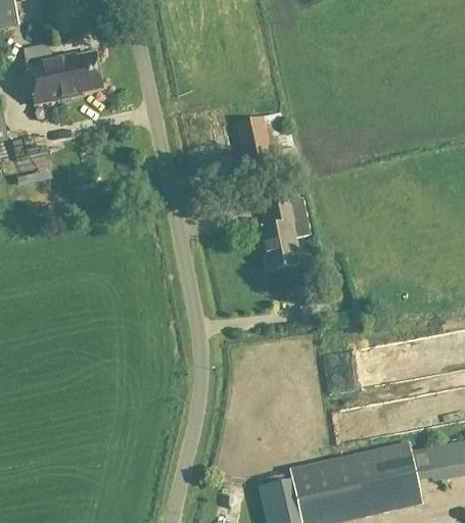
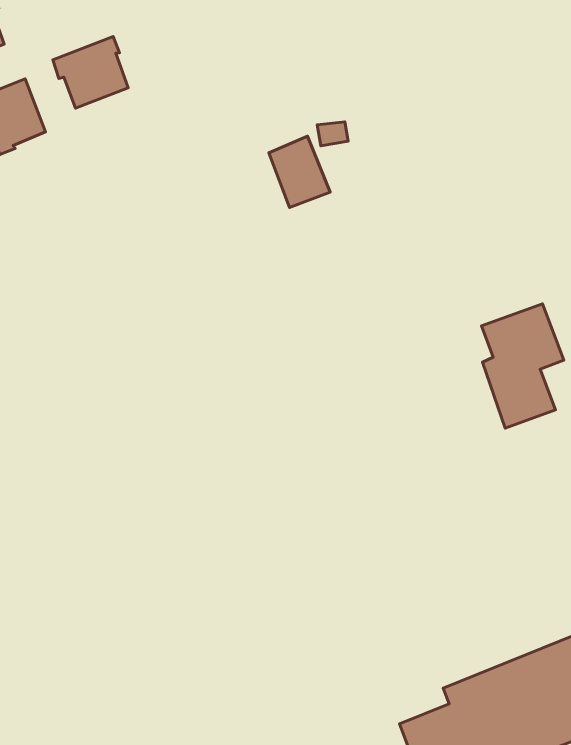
building: none -> [53,37,128,108]
building: [259,196,309,269] -> [481,304,564,428]

